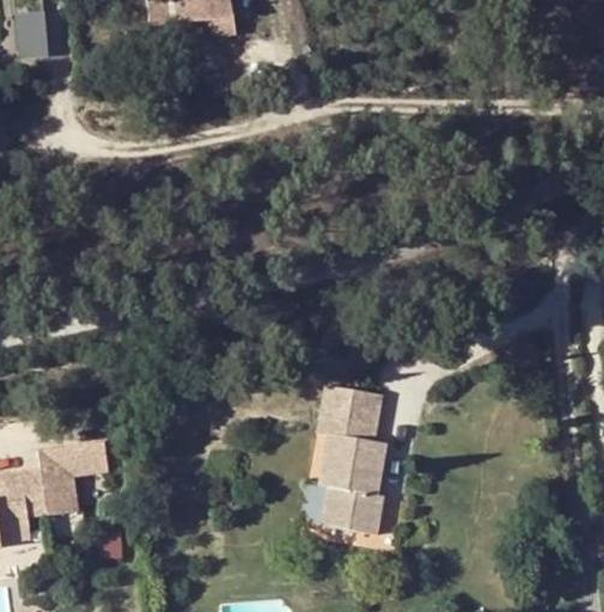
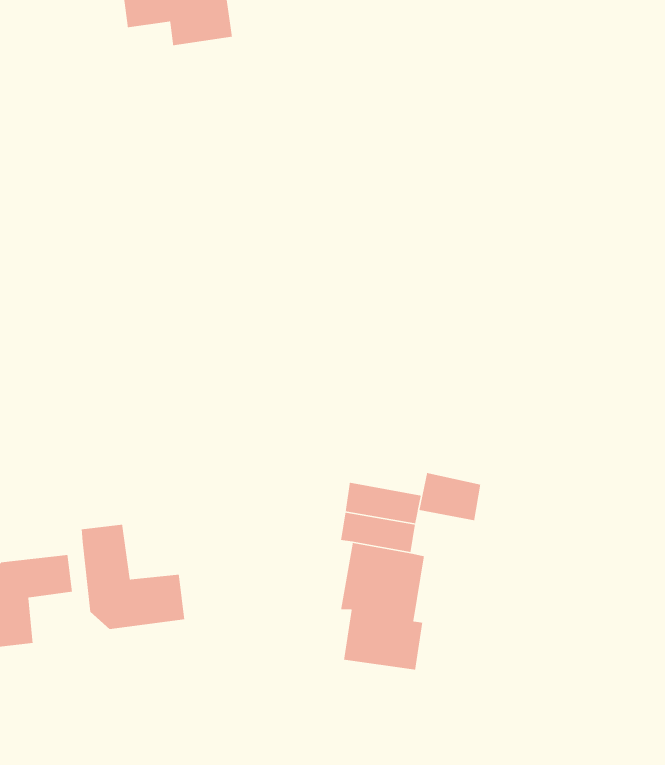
building: none -> [419,472,481,521]
building: none -> [81,524,185,630]

